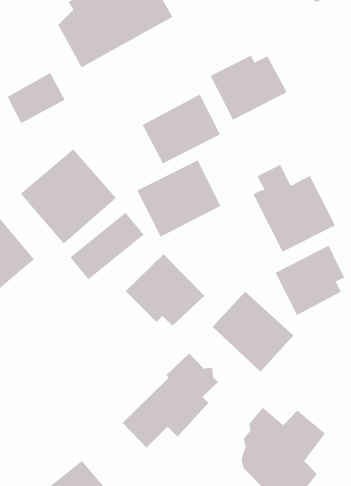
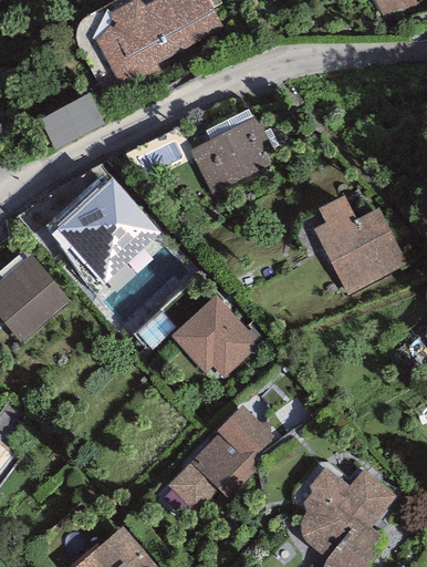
building: [210,55,288,121] -> none
building: [136,159,221,237] -> none
building: [275,245,345,316] -> none
building: [212,291,294,373] -> none

